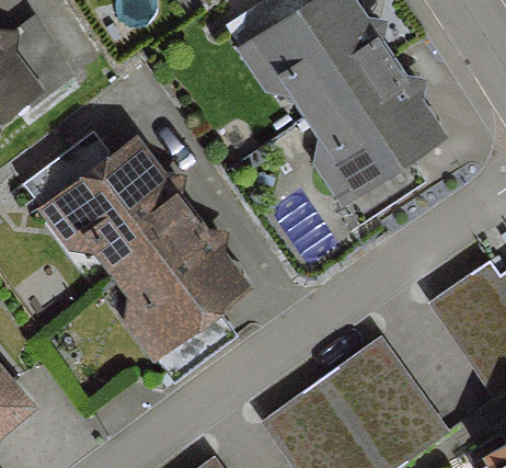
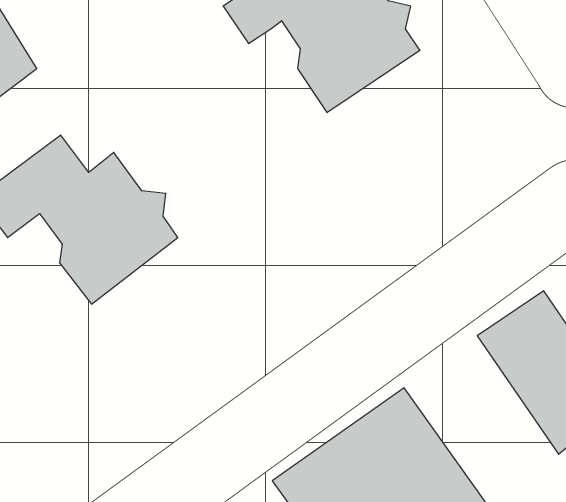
building: [309,64,433,227] -> none
building: [115,218,238,385] -> none

